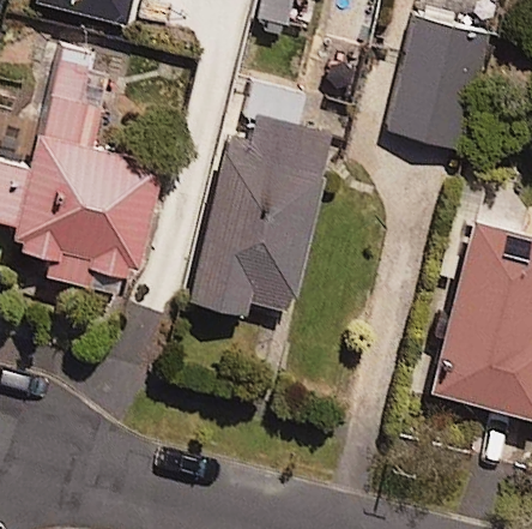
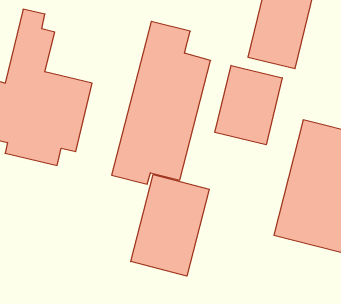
building: none -> [215,65,282,145]
building: none -> [131,175,209,276]

